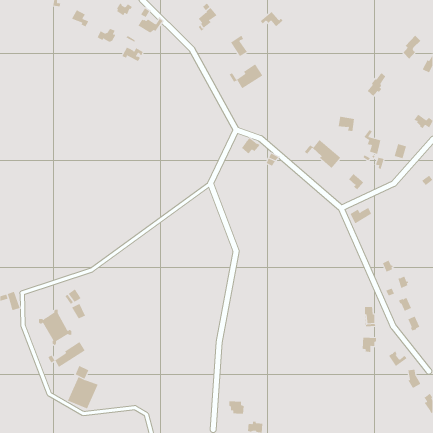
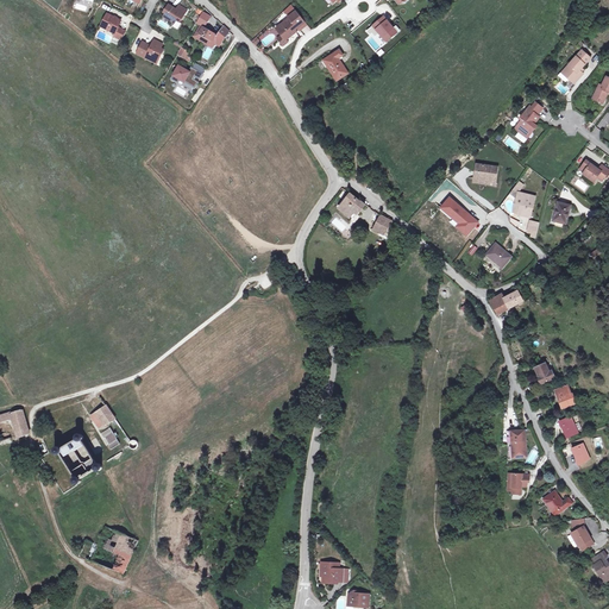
building: [229,64,263,89] -> none
building: [47,341,86,368] -> none

